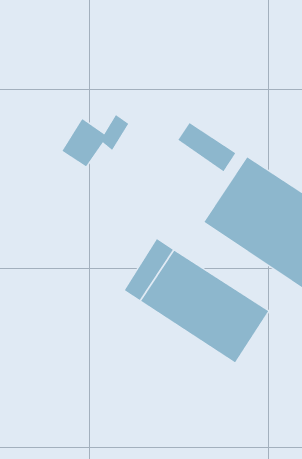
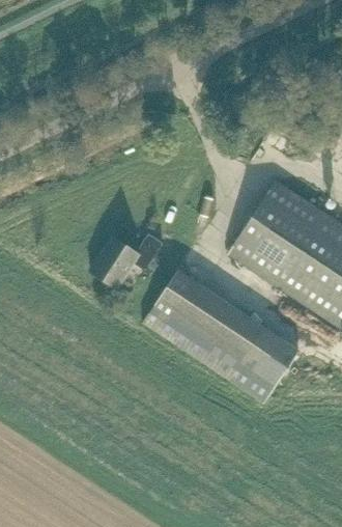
building: [62,114,129,167] -> [91,231,164,288]
building: [178,122,236,172] -> none

